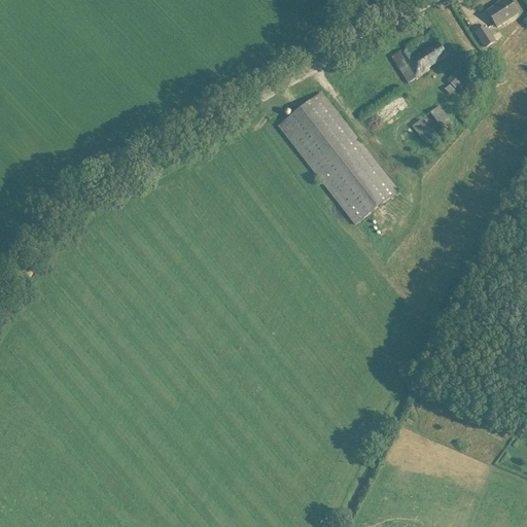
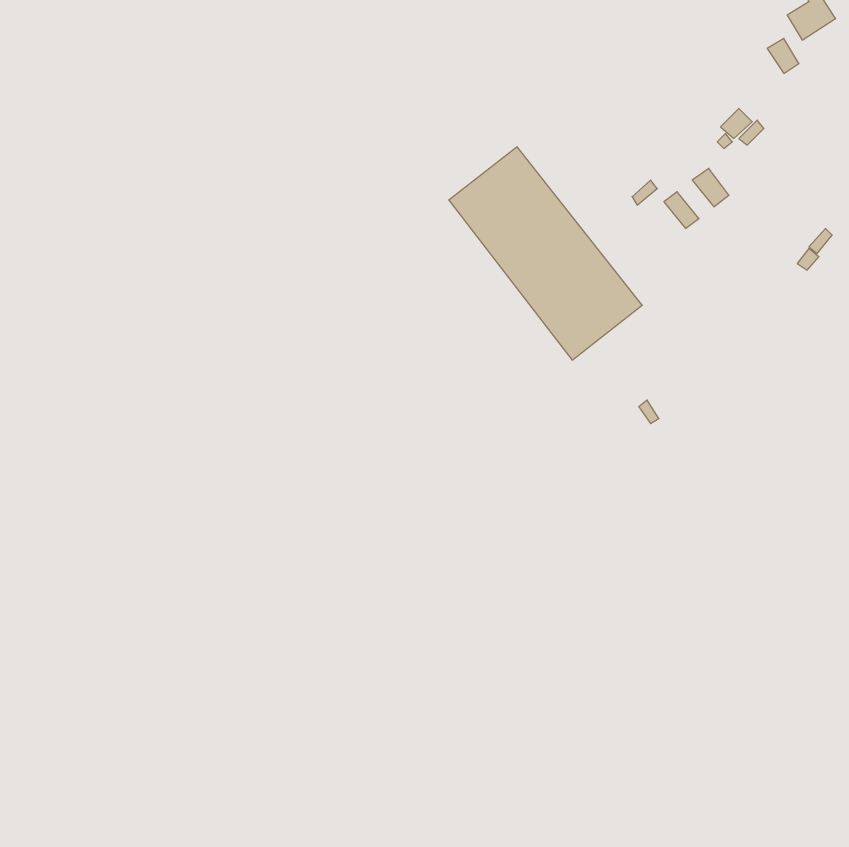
building: [389,41,445,81] -> none

